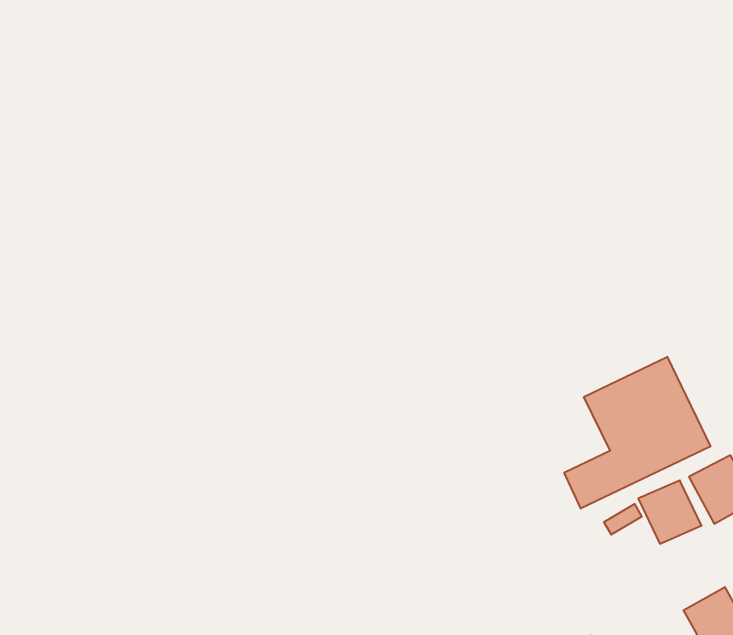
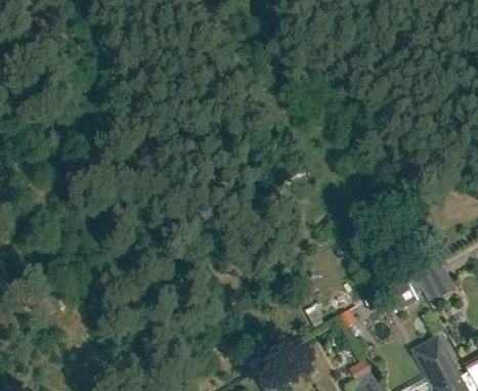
building: [564,357,710,509] -> none

